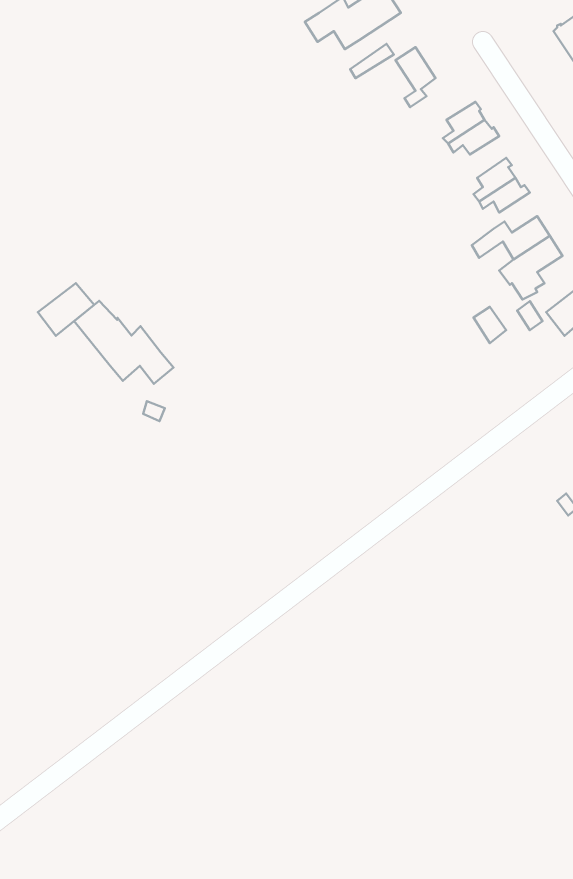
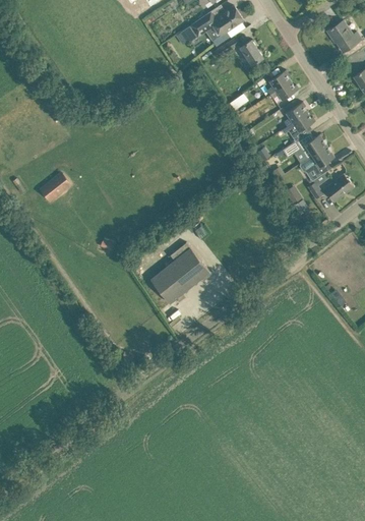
building: [74,301,173,384] -> none
building: none -> [149,242,211,303]

